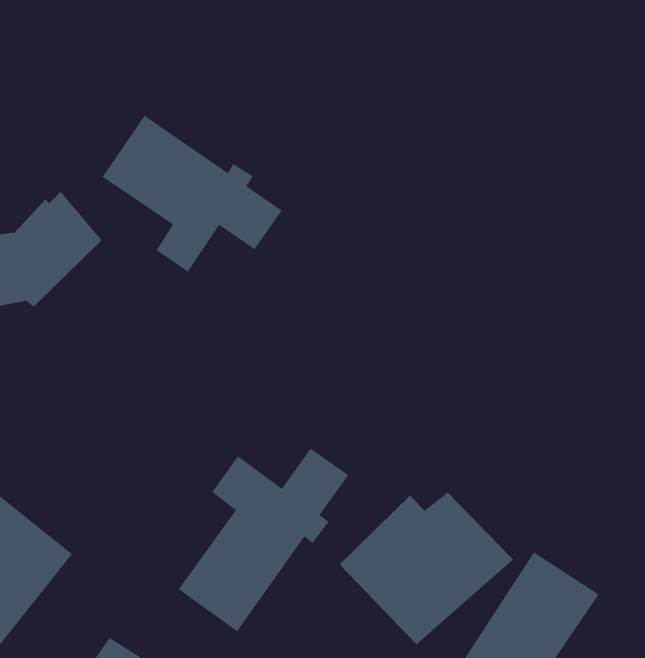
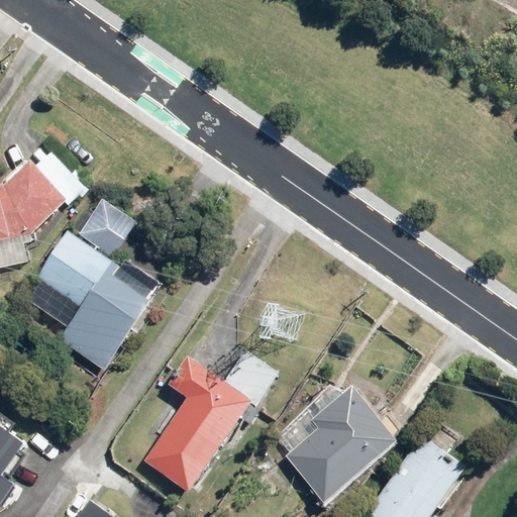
building: [102,115,282,273] -> none
building: none -> [19,189,160,375]

